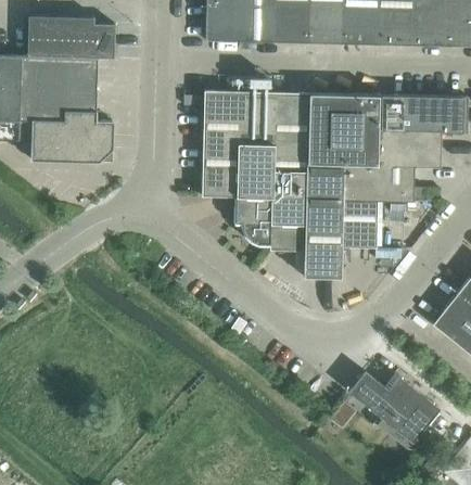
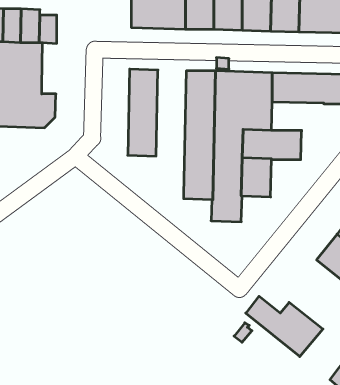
building: [236,91,273,243] -> none
building: [378,130,442,167] -> none

